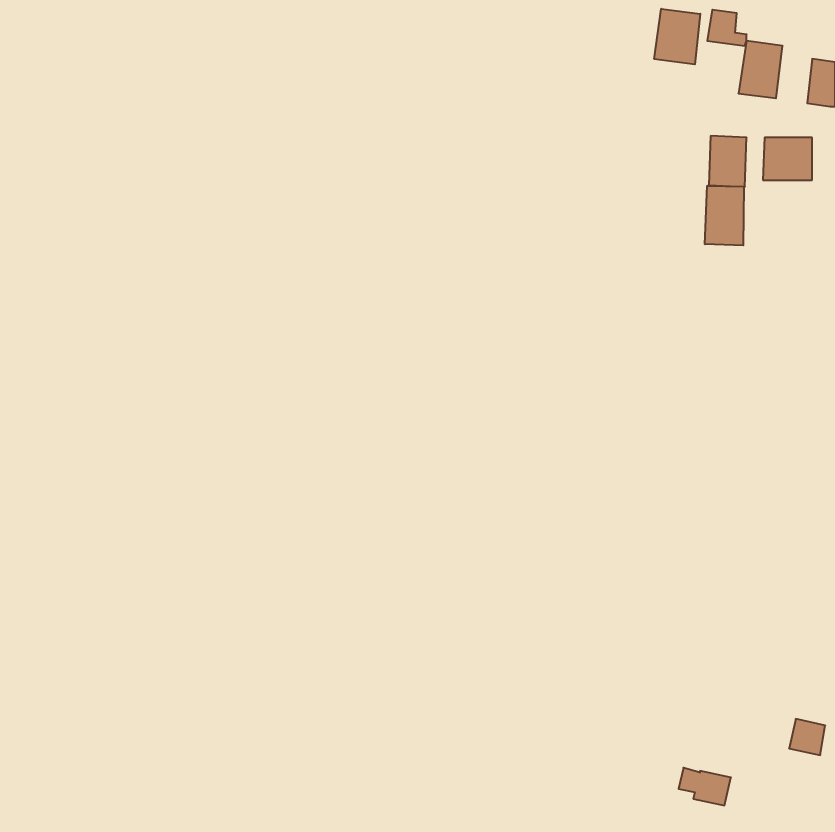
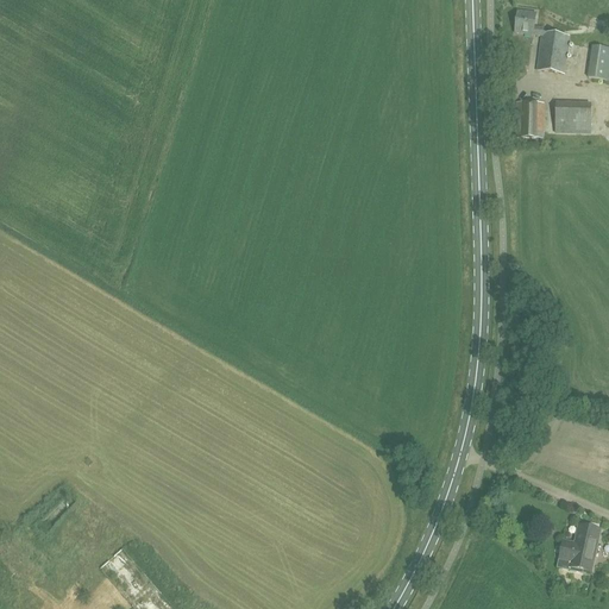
building: [654,9,700,64] -> none
building: [705,186,744,245] -> none
building: [679,768,731,805] -> [558,541,596,569]

